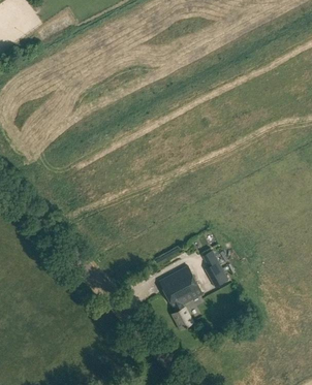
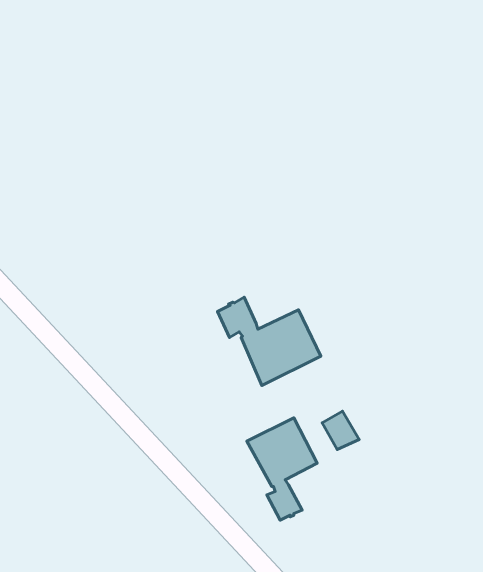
building: none -> [218,297,321,385]

